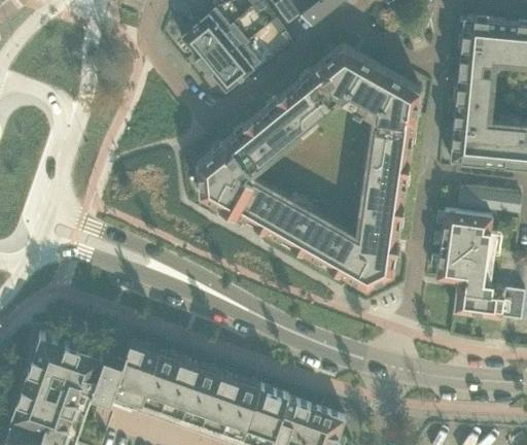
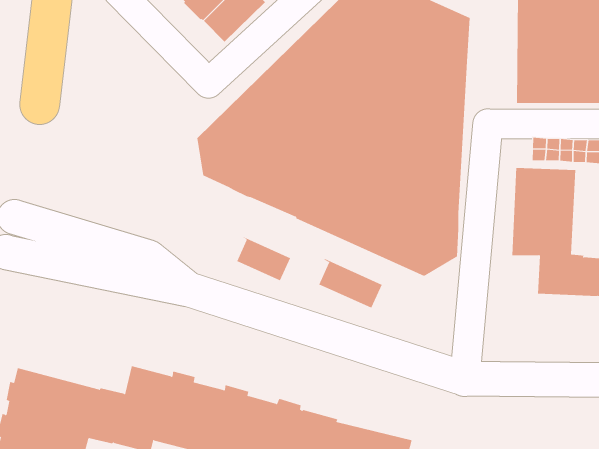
building: none -> [236,236,291,281]
building: none -> [319,258,382,308]

